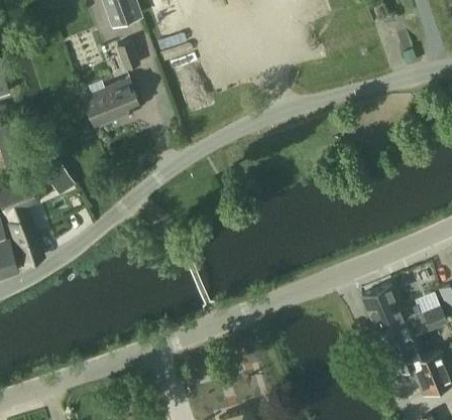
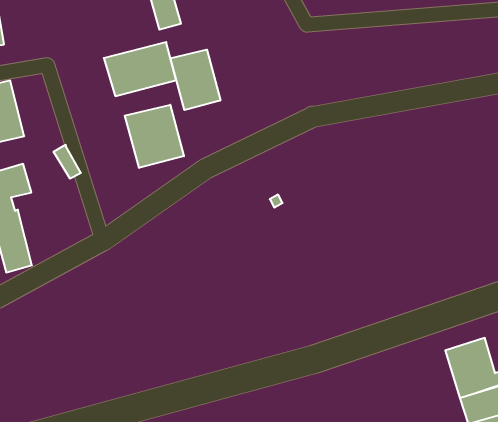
building: none -> [170,50,220,110]
building: none -> [125,105,184,168]

